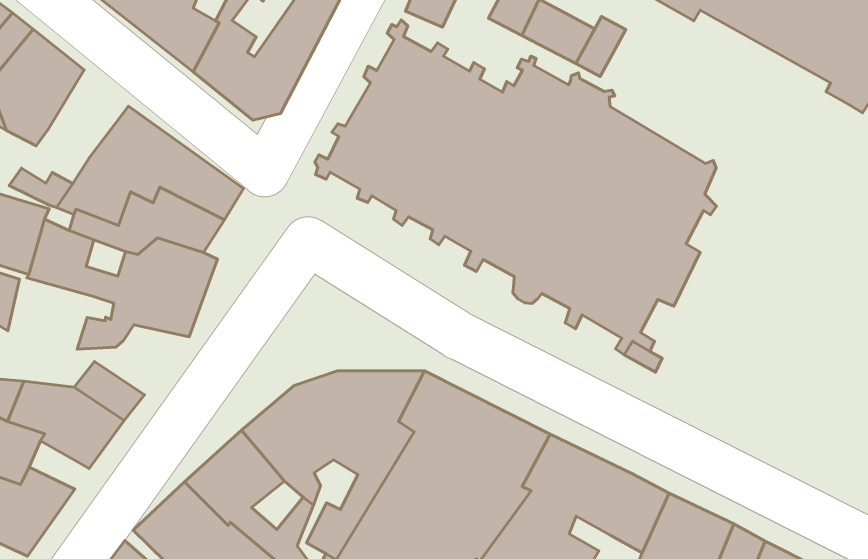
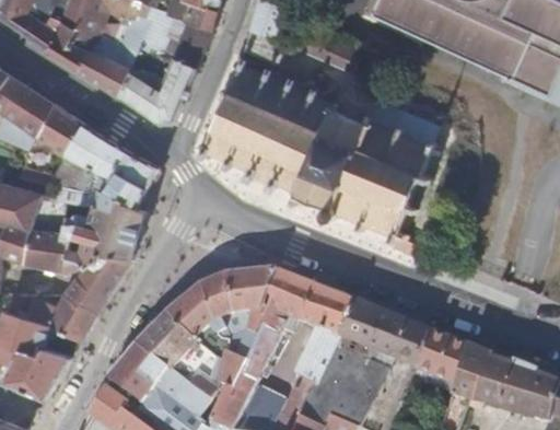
building: none -> [36,103,83,155]
building: none -> [22,231,71,271]
building: none -> [75,254,131,295]

